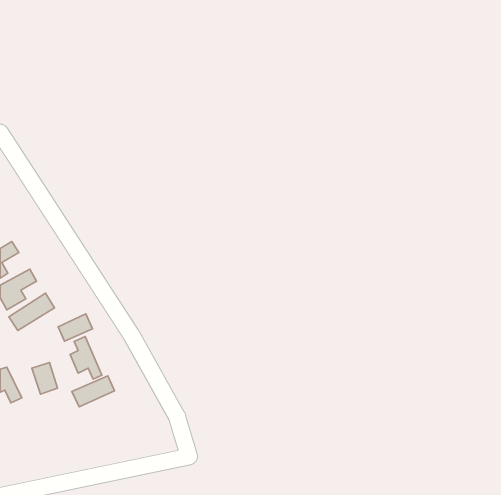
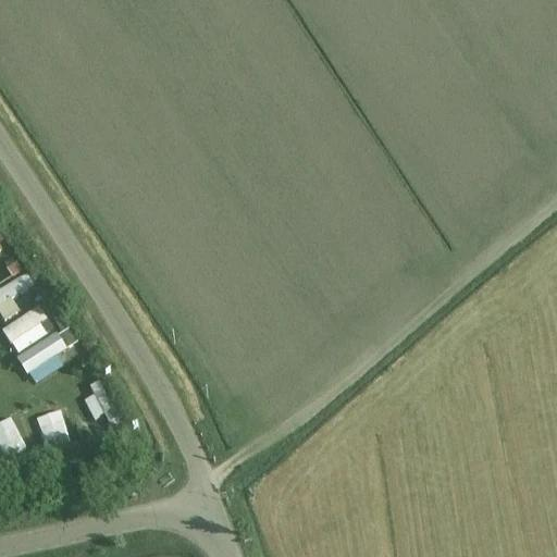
building: [58,314,93,341] -> none
building: [72,376,115,407] -> none

